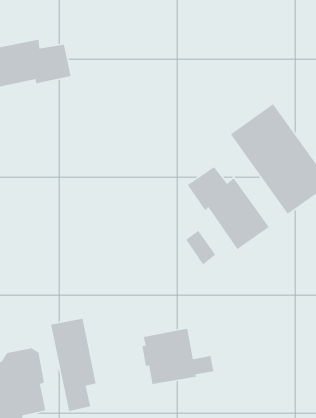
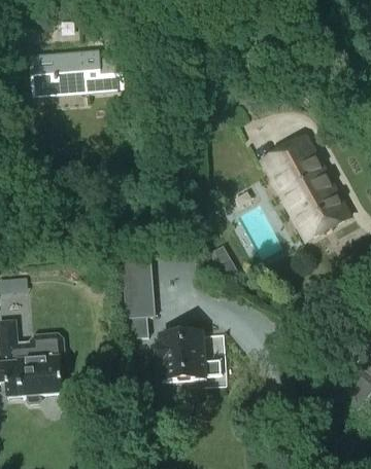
building: [187,166,270,250] -> none
building: [50,318,96,412] -> [121,254,157,338]

